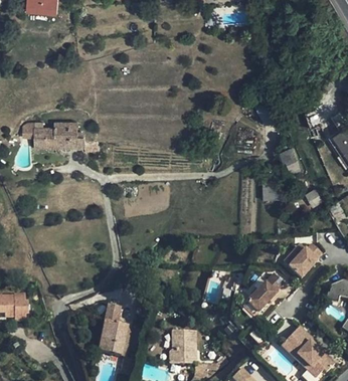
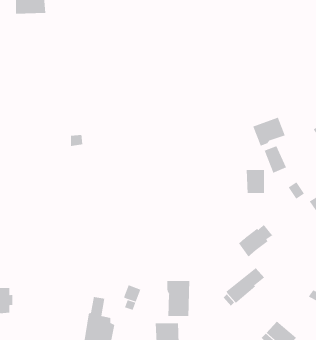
building: [35,122,78,146] -> none
building: none -> [253,117,286,147]
building: [289,247,324,280] -> [238,224,273,257]
building: none -> [167,280,190,317]

